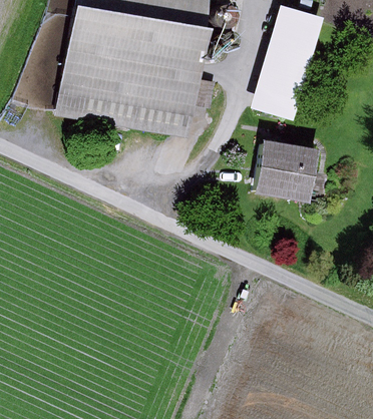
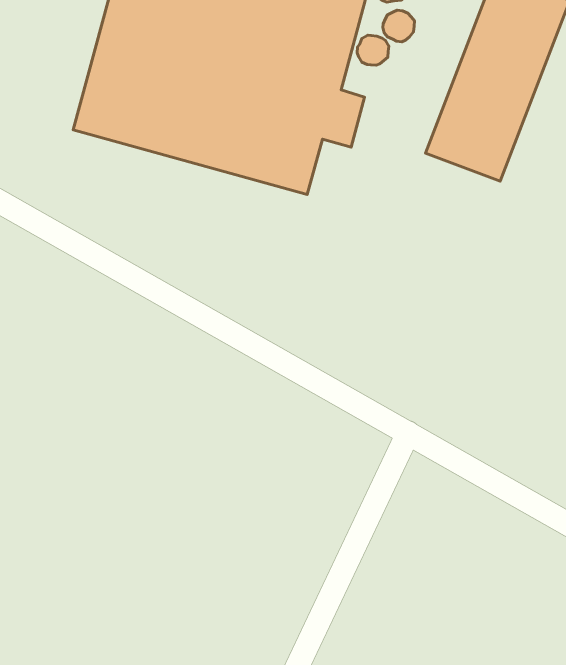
building: [252,137,318,200] -> none

